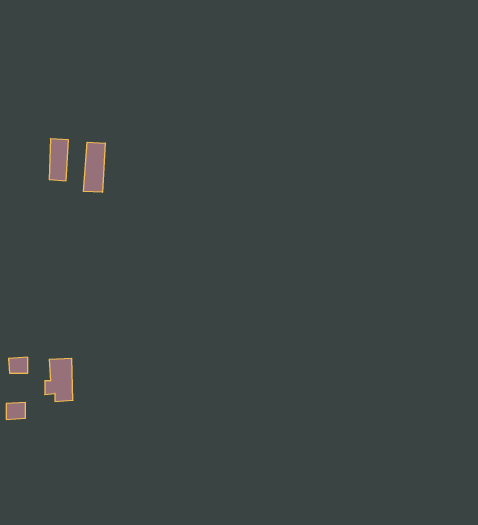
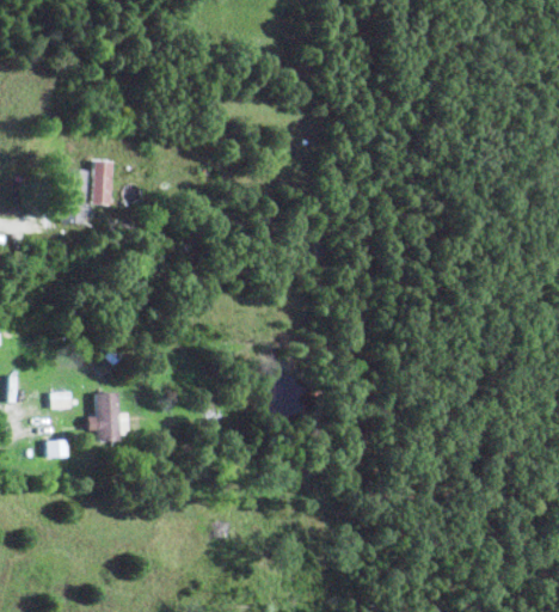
building: [83,142,105,192] -> none

